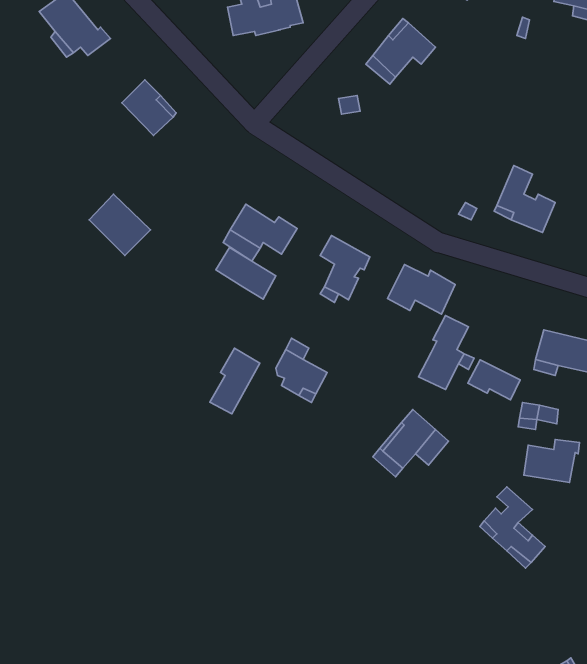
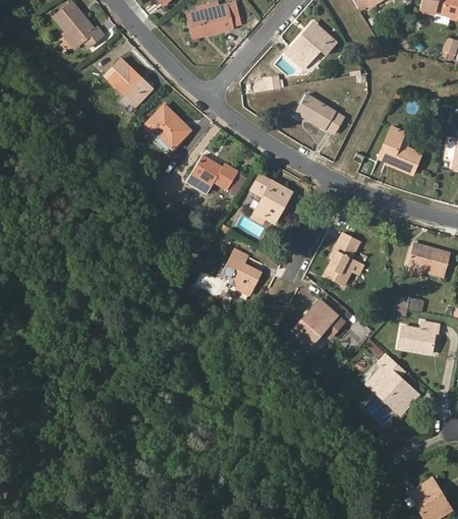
building: none -> [294,92,344,134]
building: [89,194,151,255] -> [147,105,190,149]
building: [216,248,276,299] -> none
building: [388,265,455,314] -> none
building: [210,348,260,414] -> none
building: [468,360,520,400] -> none

